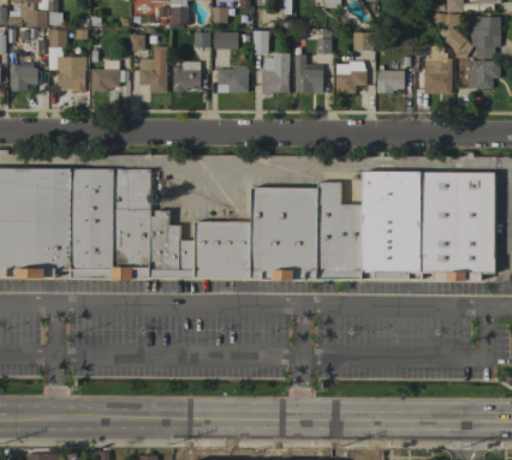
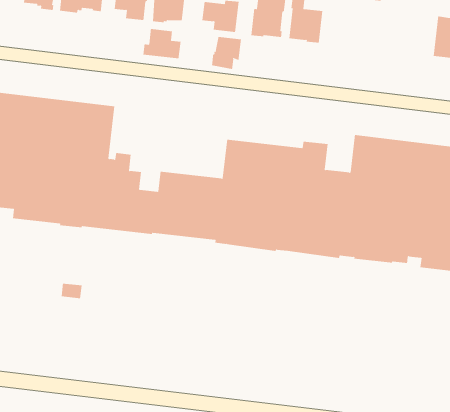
building: [335,61,367,92] -> none
building: [376,65,404,89] -> none
building: none -> [143,28,181,59]
building: none -> [211,36,241,70]

